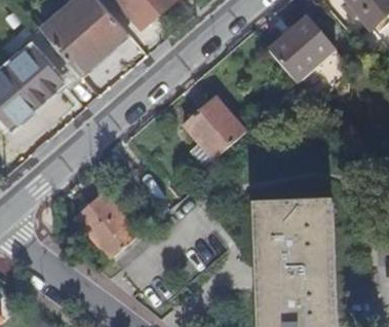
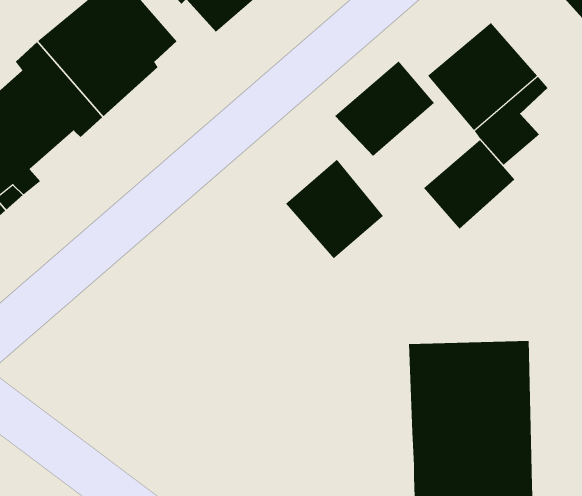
building: none -> [334,60,435,157]
building: none -> [423,139,515,230]
building: [75,193,137,257] -> none

